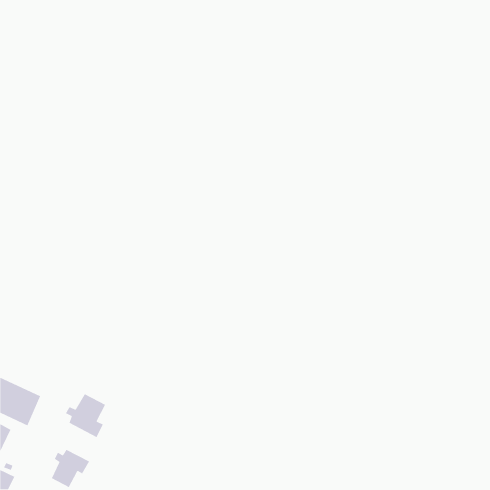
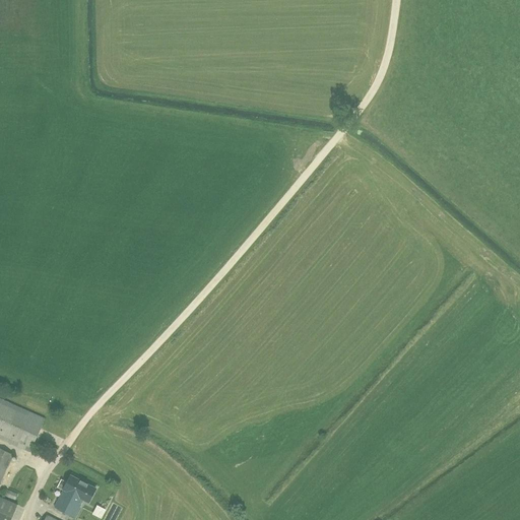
building: [65,393,106,438] -> none

